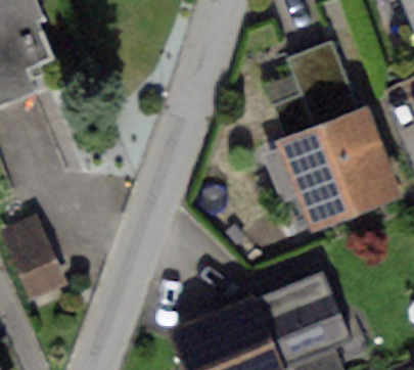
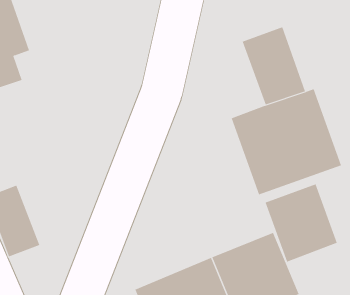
building: none -> [265,184,337,262]

